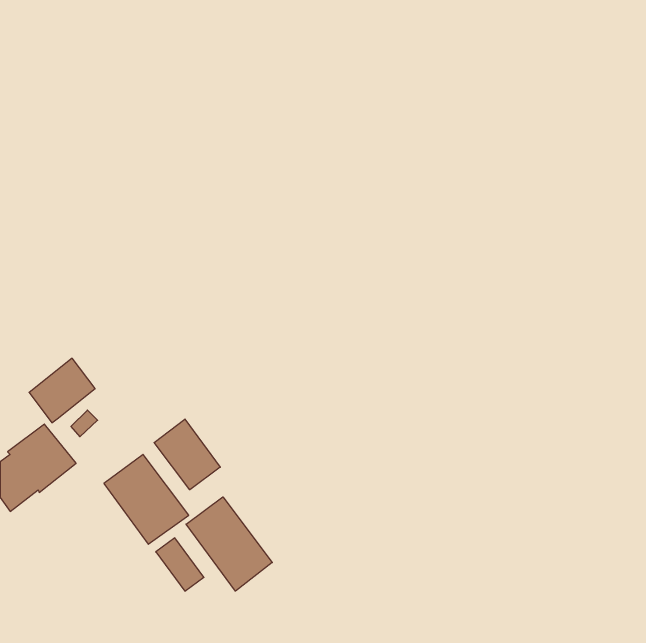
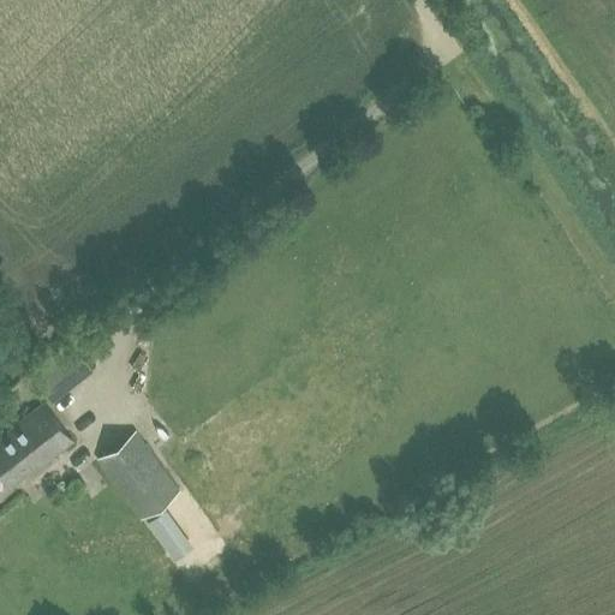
building: [154,419,220,490] -> none
building: [186,497,272,591] -> none

